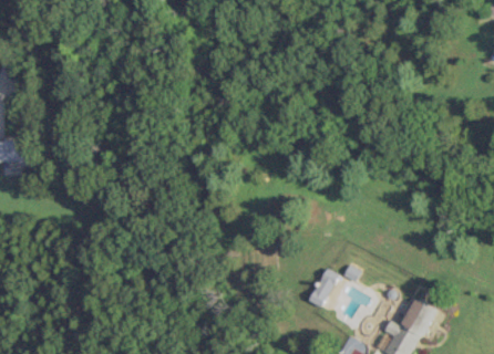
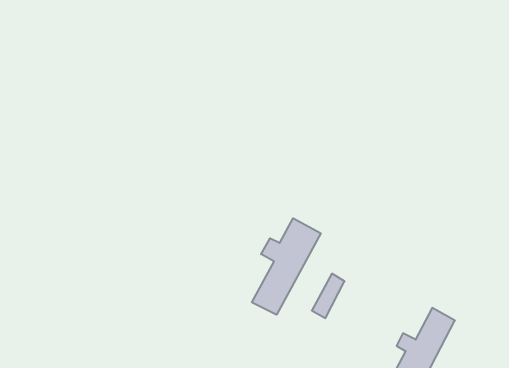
building: none -> [252,218,321,315]

